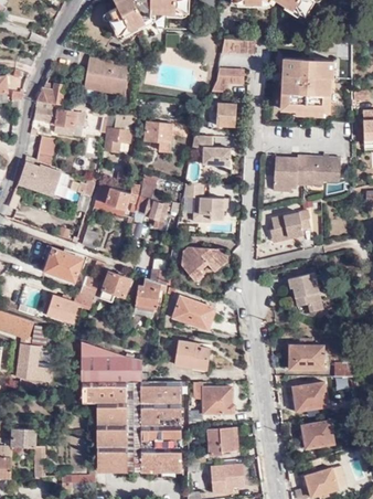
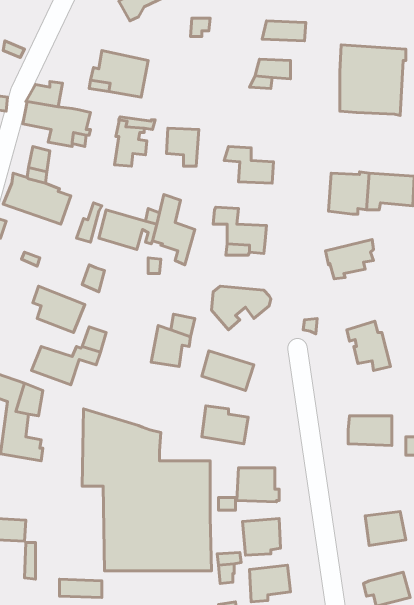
building: [215,102,236,126] -> none
building: [99,273,129,302] -> none
building: [290,383,328,412] -> none

